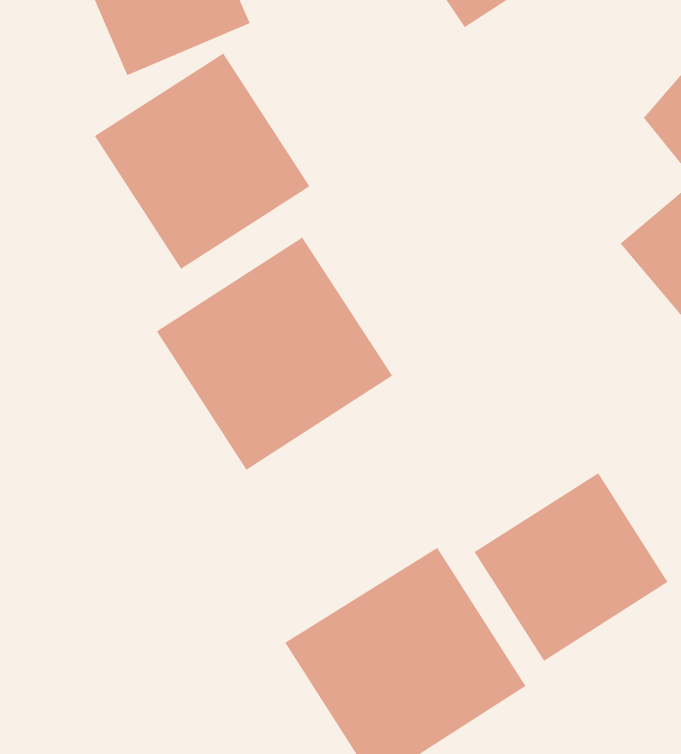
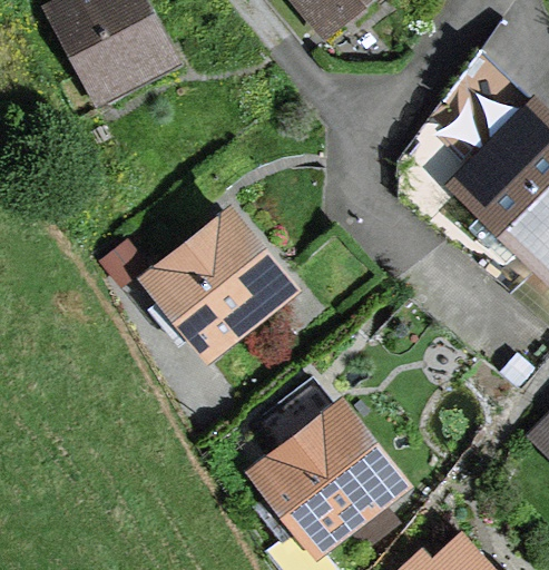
building: [94,52,310,270] -> none
building: [474,472,669,662] -> none

